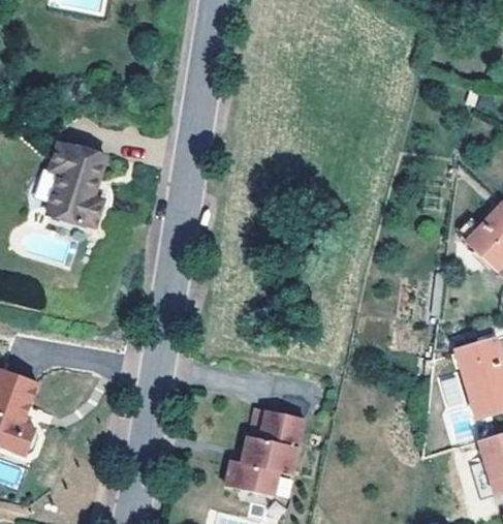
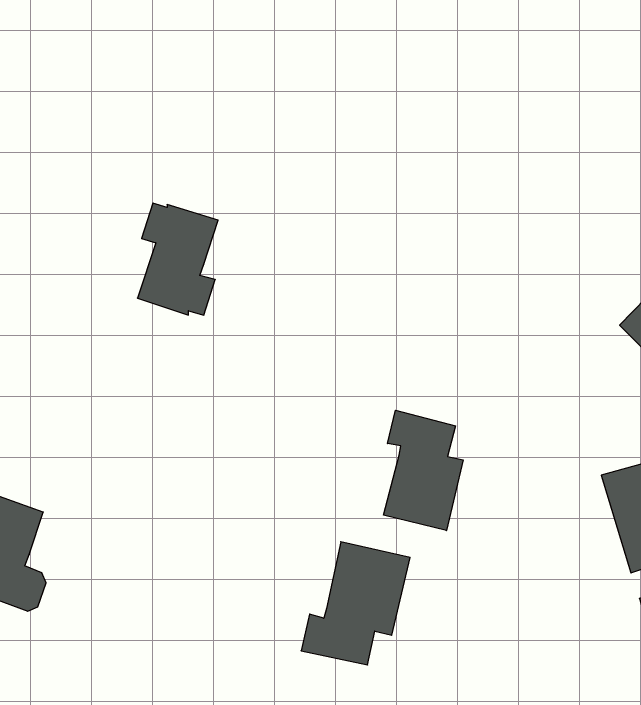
building: [50,141,108,222] -> [137,203,218,315]
building: none -> [384,410,463,531]

